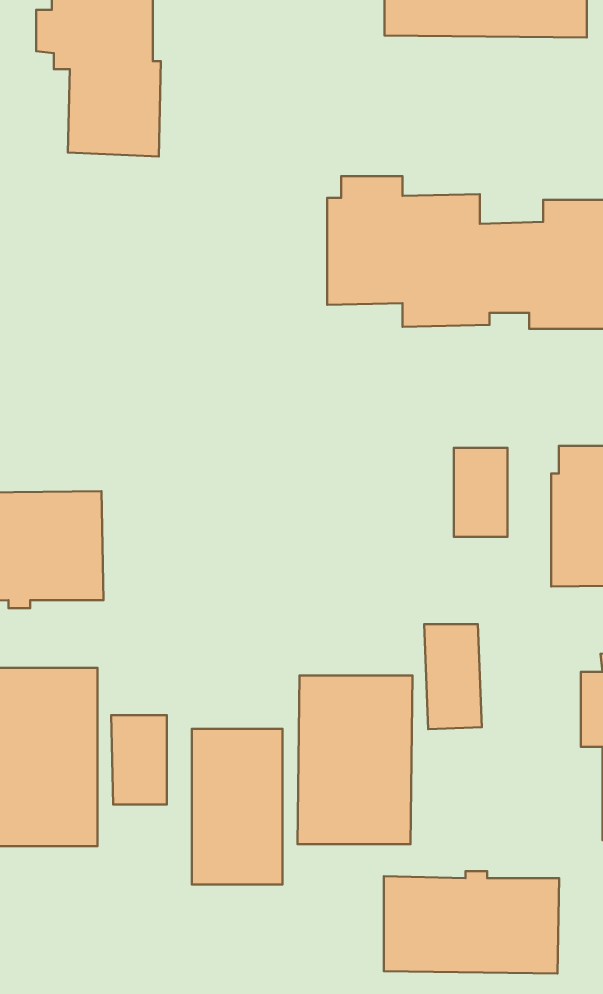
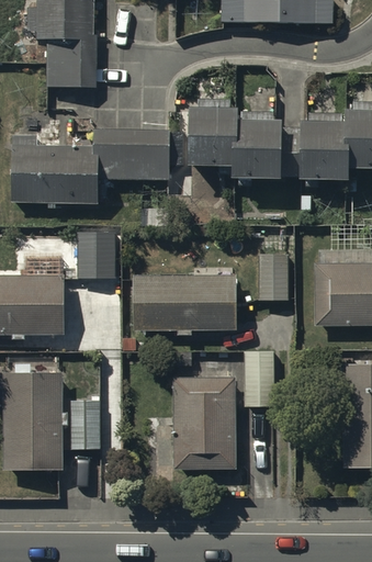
building: none -> [13,127,169,203]
building: none -> [77,229,115,277]
building: none -> [134,274,237,334]
building: [192,729,283,885] -> none
building: [384,871,559,973] -> none

